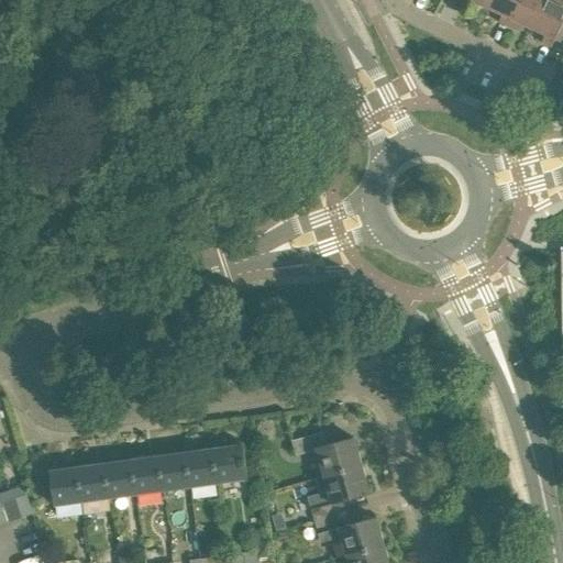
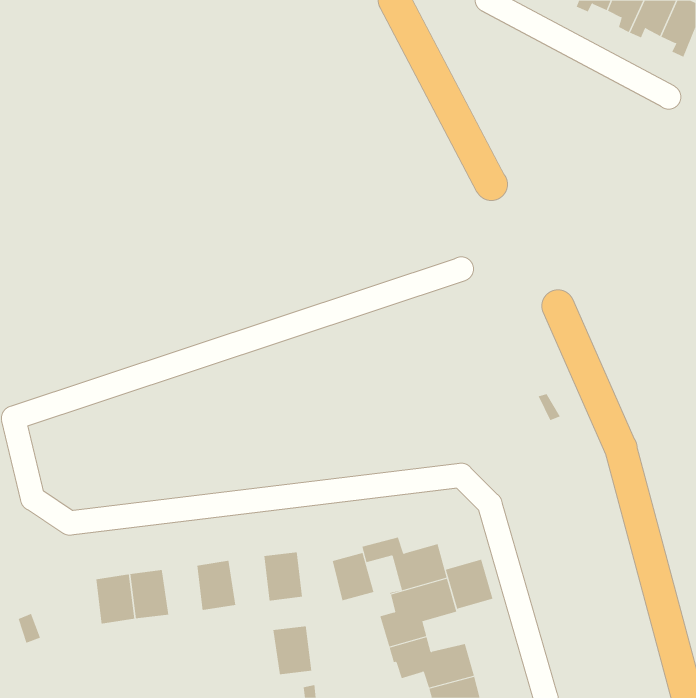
building: none -> [332,552,374,601]
building: [185,448,217,487] -> [272,626,312,675]
building: none -> [445,559,493,610]
building: [131,455,163,495] -> none
building: [49,466,81,506] -> none

